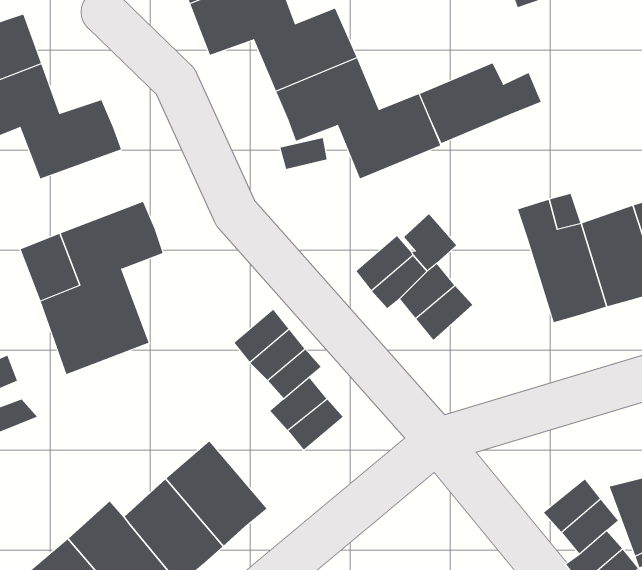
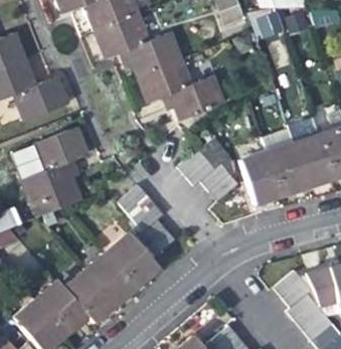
building: [419,62,542,144] -> none
building: none -> [240,149,281,200]
building: none -> [108,234,156,285]

